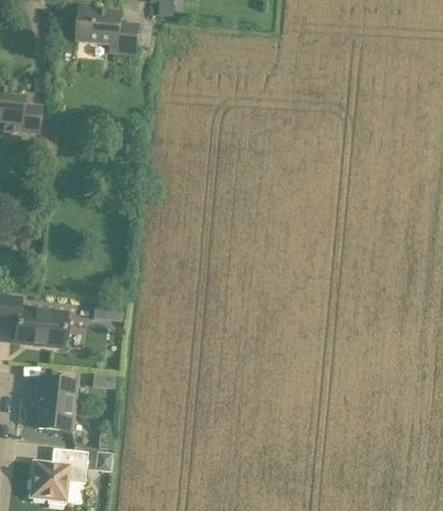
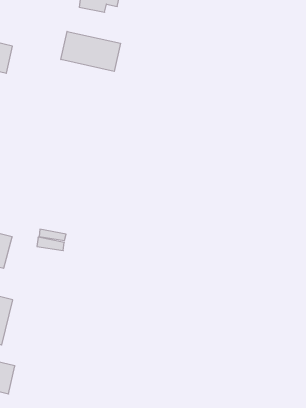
building: none -> [61,31,120,71]

